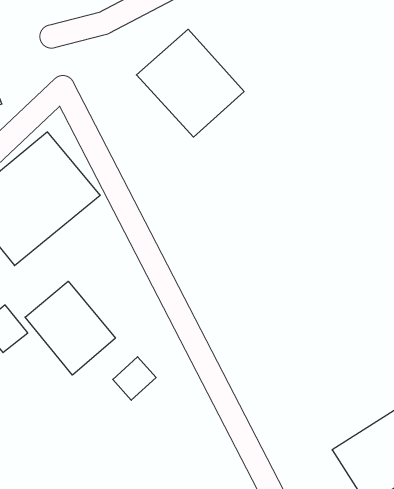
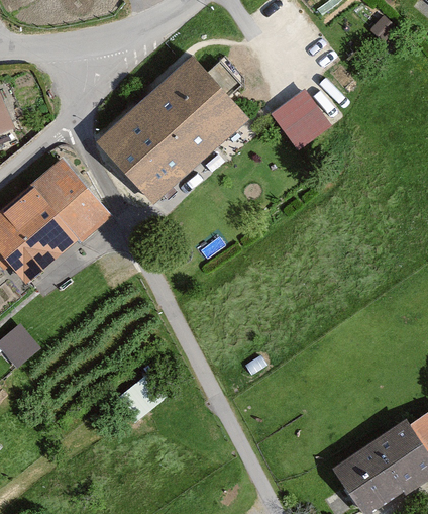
building: none -> [271,87,334,151]
building: none -> [92,110,183,203]
building: [25,281,115,375] -> none

